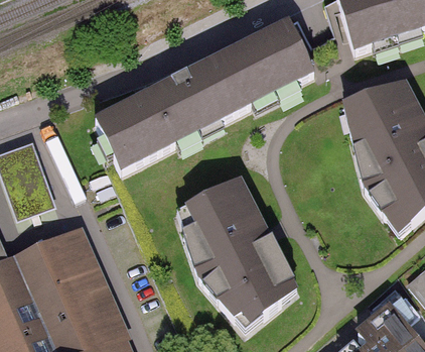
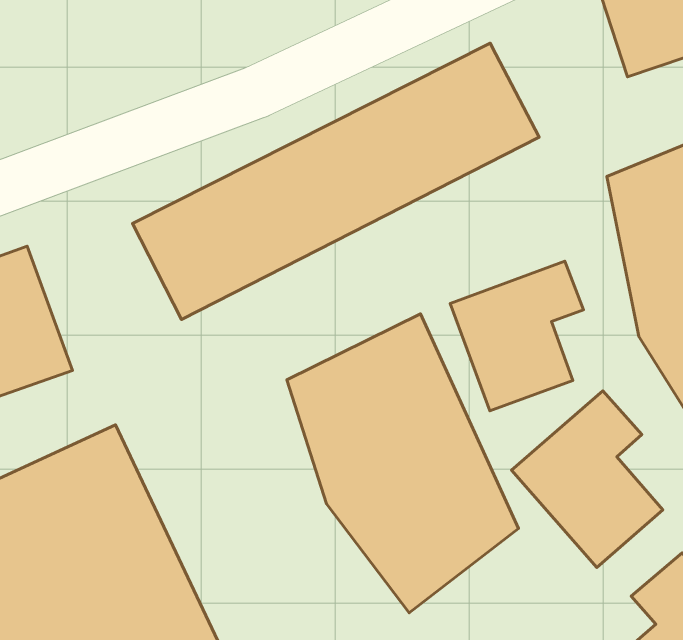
building: none -> [450,261,583,411]
building: none -> [512,391,663,567]

